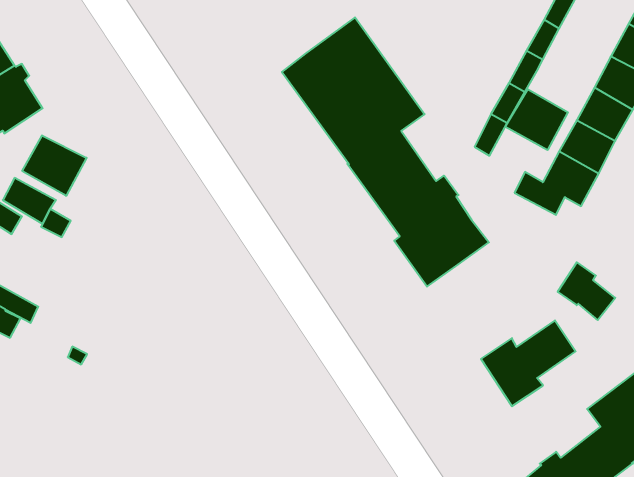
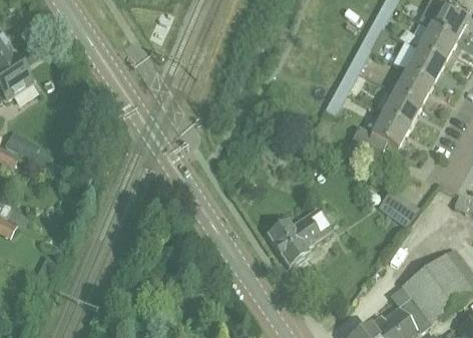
building: [282,17,489,287] -> none
building: [505,89,568,150] -> none
building: [22,135,87,196] -> none
building: [481,320,576,406] -> [267,208,331,266]

